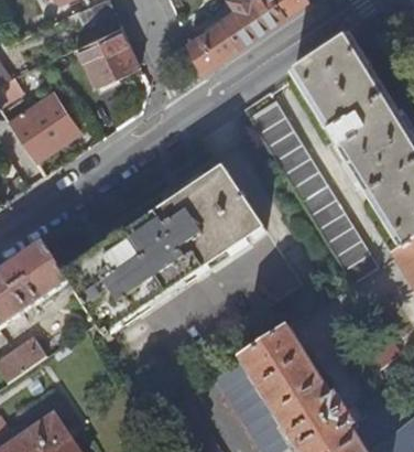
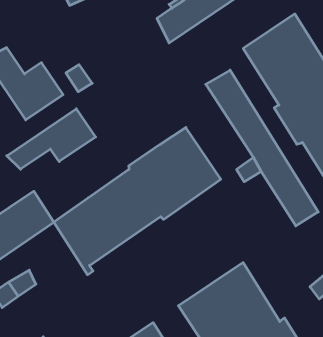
building: [75,24,140,86] -> none
building: none -> [7,109,96,169]

